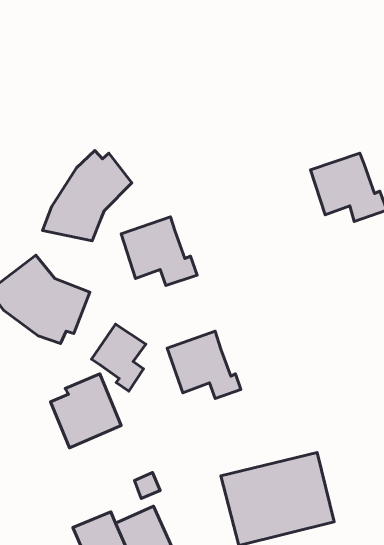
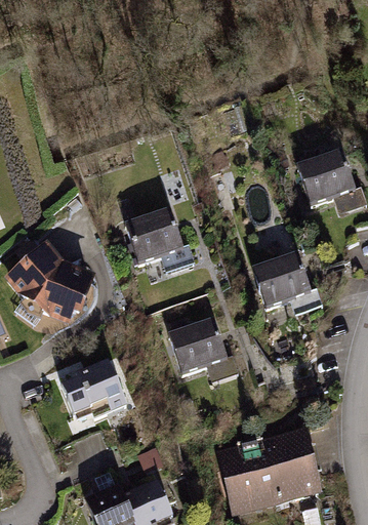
building: [43,151,132,241] -> none
building: none -> [251,248,321,312]
building: [92,324,146,391] -> none

